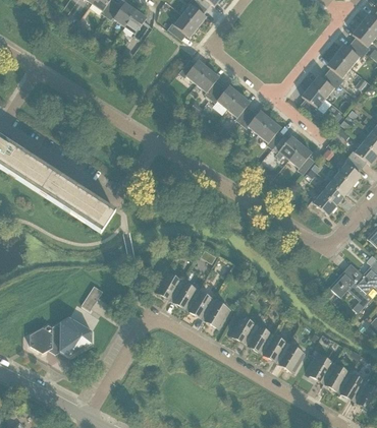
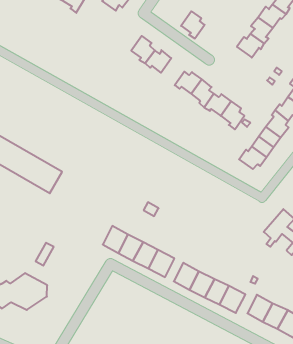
building: [179,59,209,83] -> none
building: [301,85,326,115] -> none
building: [227,94,253,123] -> [181,11,205,38]

